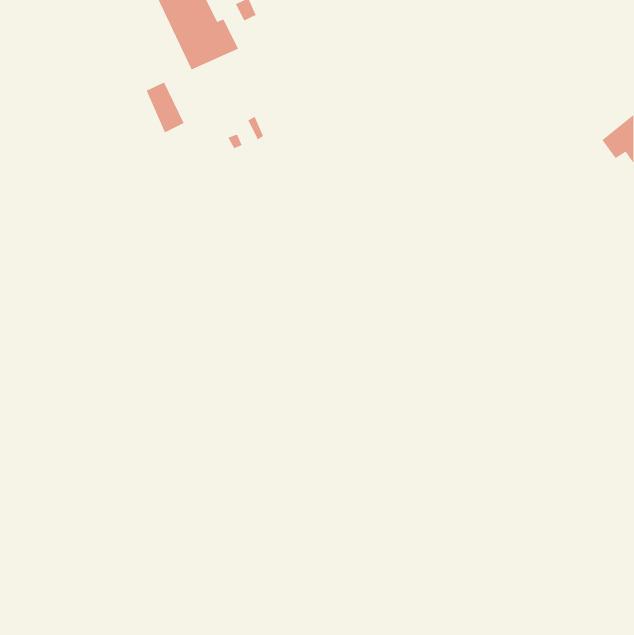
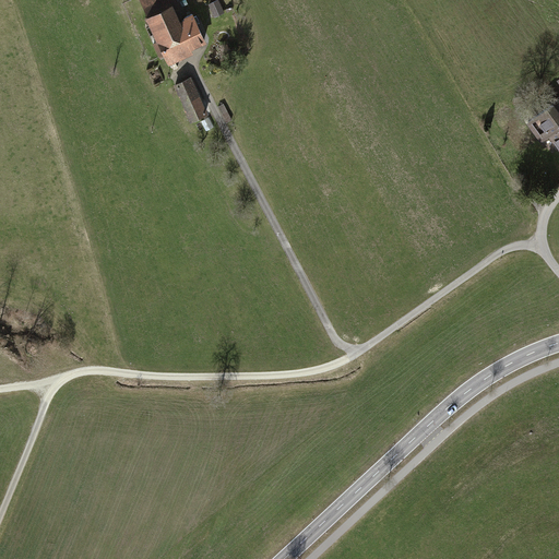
building: [146,82,185,133] -> [174,78,207,122]

